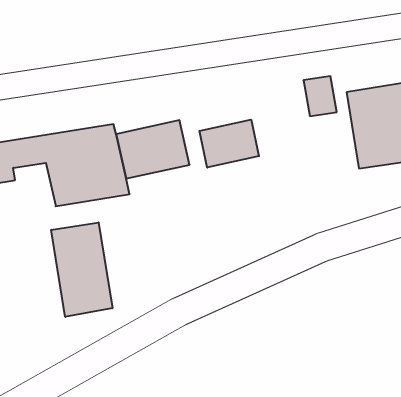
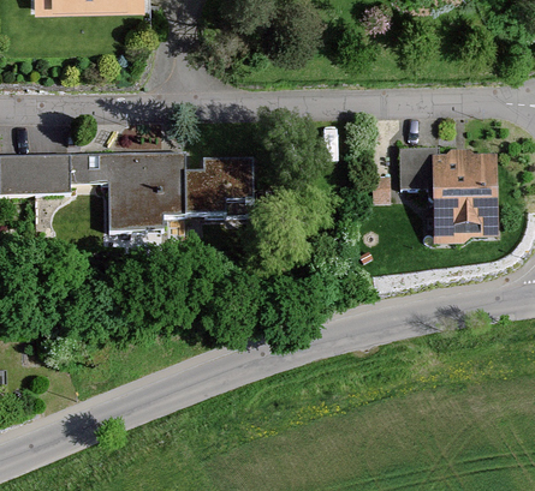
building: [199,120,259,168] -> none
building: [51,222,112,317] -> none

